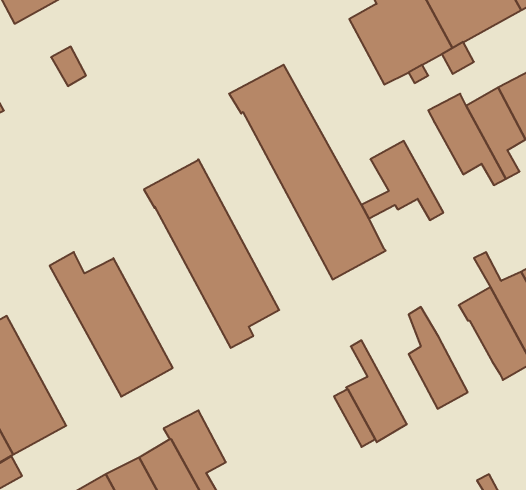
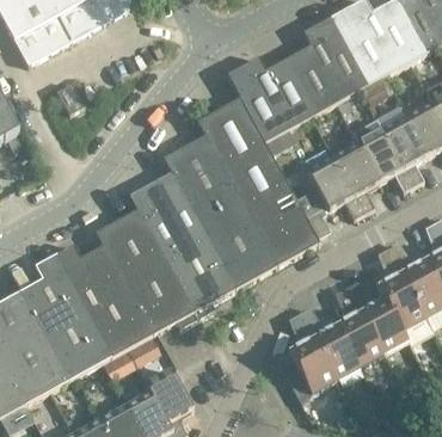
building: none -> [226,56,317,142]
building: none -> [162,134,276,289]
building: none -> [332,142,379,213]
building: none -> [94,208,196,334]
building: none -> [20,254,110,380]
building: none -> [360,297,407,353]
building: none -> [299,307,358,378]

